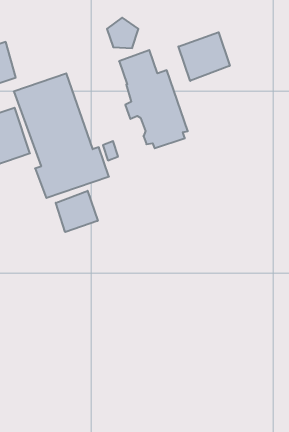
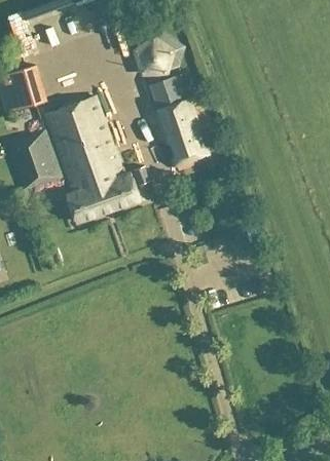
building: [178,32,230,81] -> none
building: [56,191,98,232] -> none

